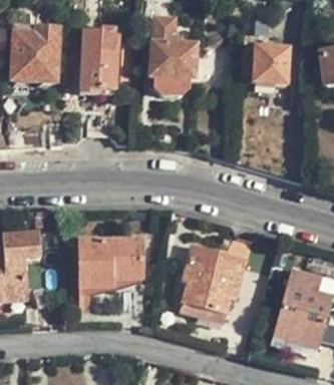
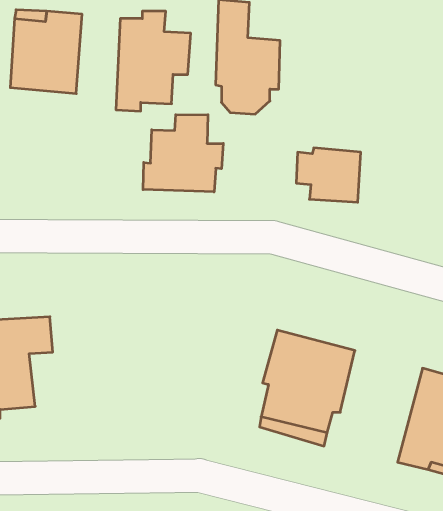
building: [248,46,292,83] -> [296,148,361,202]
building: none -> [143,115,223,192]
building: [78,241,141,285] -> none

